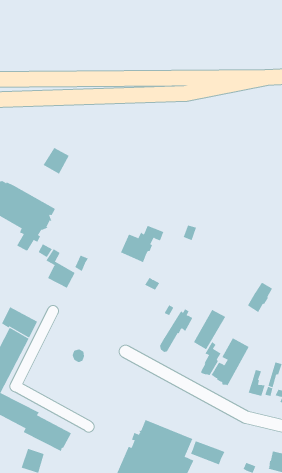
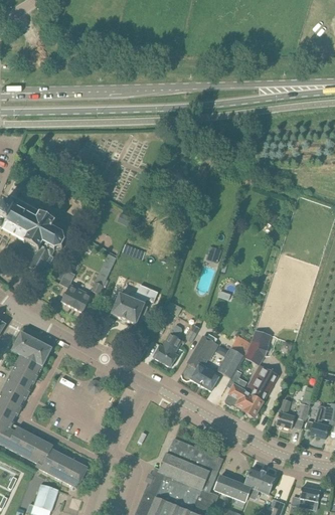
building: [43,147,70,174] -> none
building: [120,225,164,263] -> [111,284,158,324]
building: [247,282,273,313] -> [244,331,272,364]
building: none -> [153,324,182,366]
building: none -> [190,360,220,390]
building: none -> [168,437,223,473]
building: none -> [244,467,276,498]

